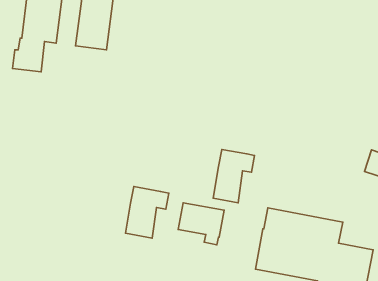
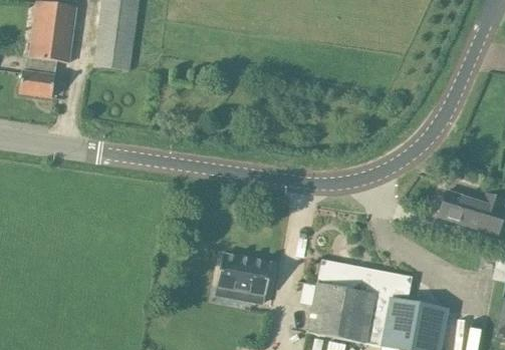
building: [213,149,254,203] -> none
building: [125,187,169,238] -> none

